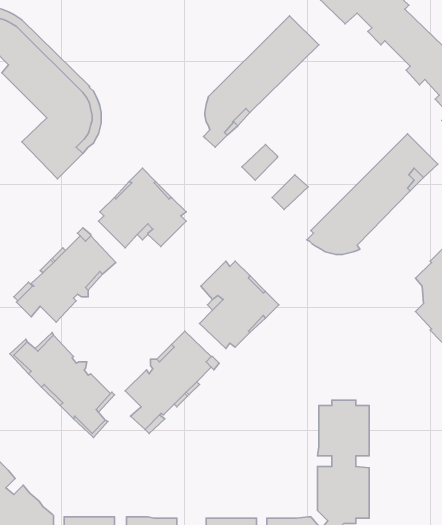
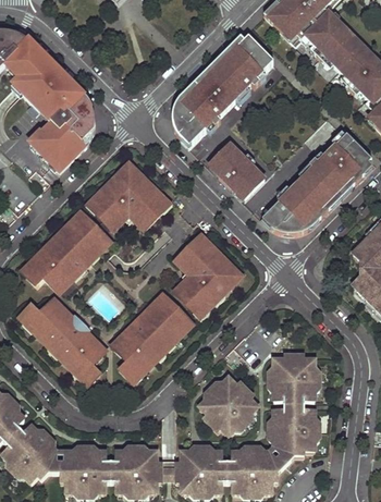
building: none -> [172,42,238,136]
building: none -> [218,154,254,188]
building: none -> [198,376,258,434]

